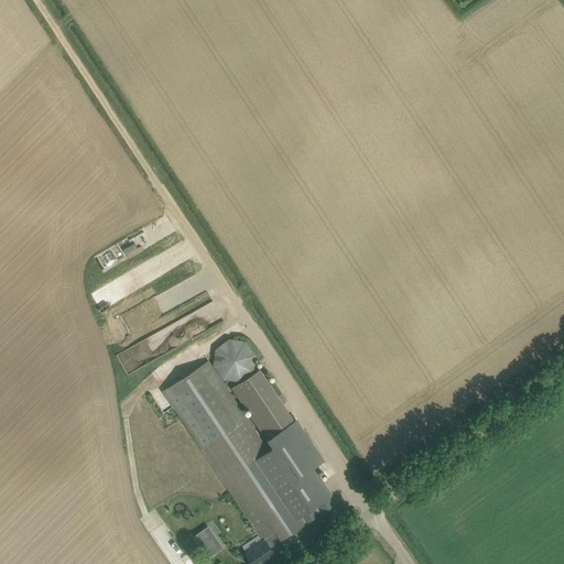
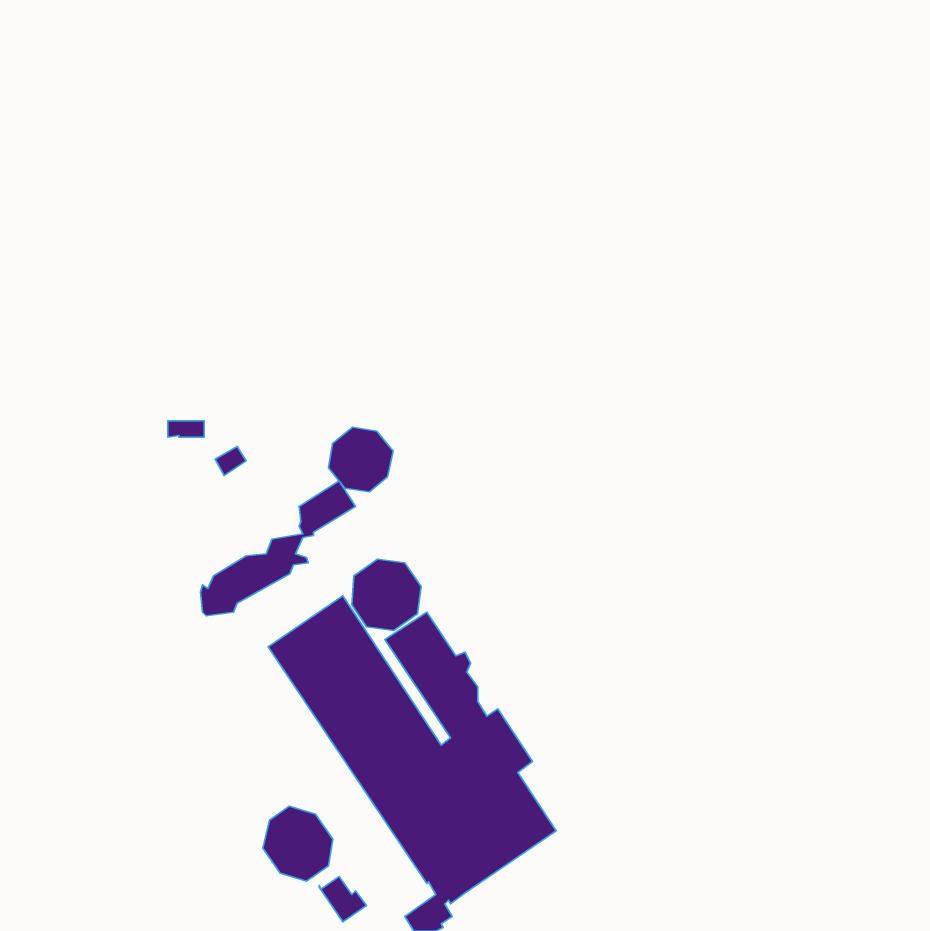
building: none -> [329,427,393,492]
building: none -> [263,806,333,881]

